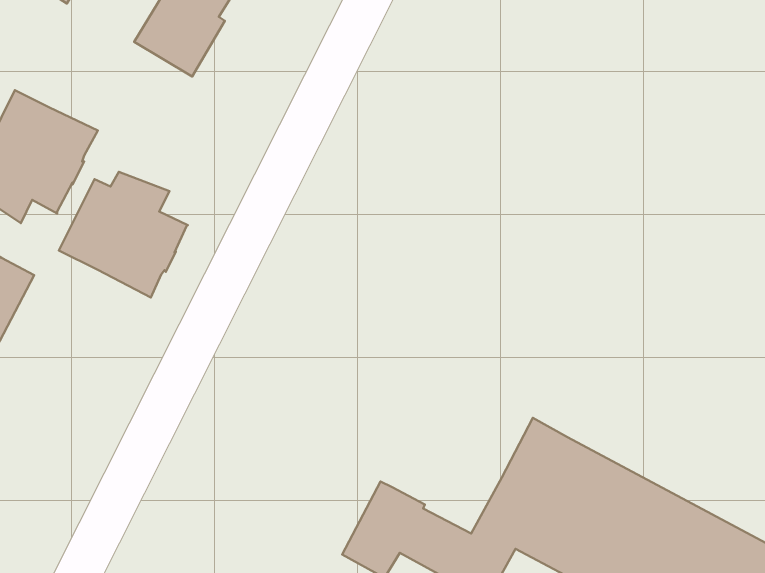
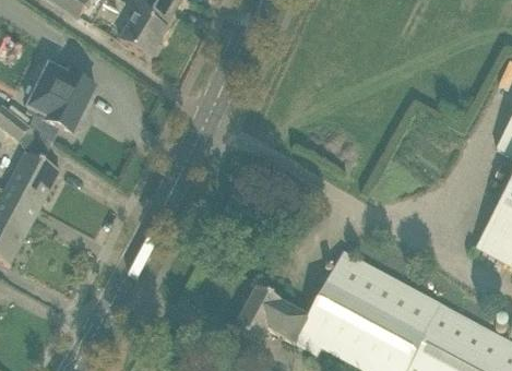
building: [59,172,188,297] -> none

